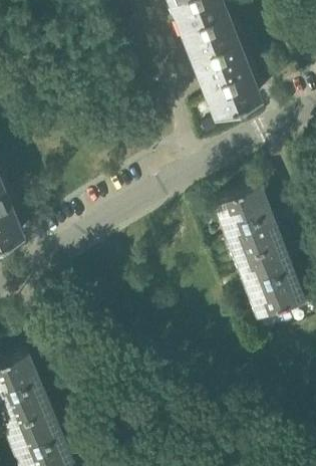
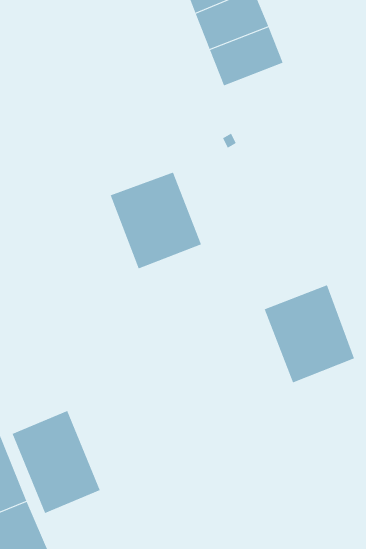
building: [205,75,262,122] -> none
building: [214,191,285,266] -> [110,172,202,269]
building: none -> [12,410,100,514]

